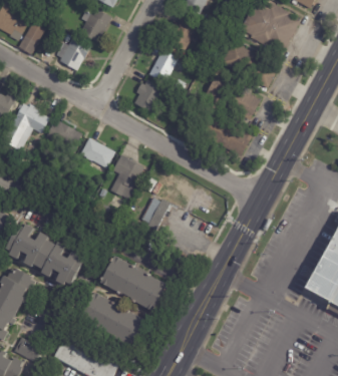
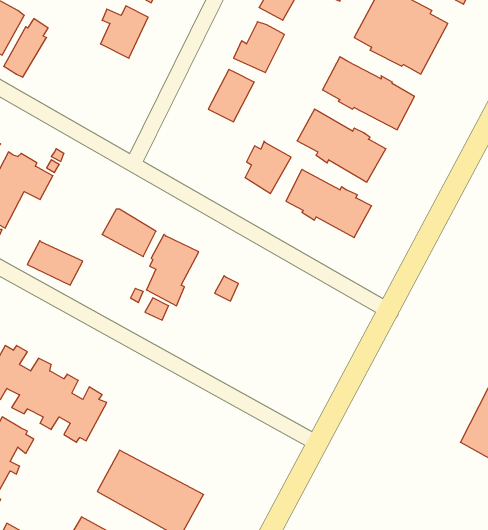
building: [55,35,89,71] -> none
building: [133,80,162,113] -> [245,141,291,194]
building: [45,119,80,147] -> [27,241,83,285]
building: [141,198,170,230] -> none
building: [97,254,164,310] -> none

